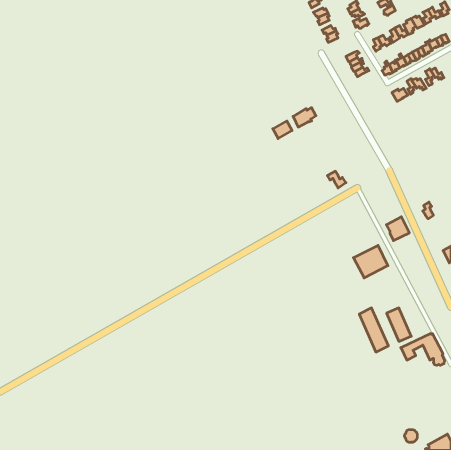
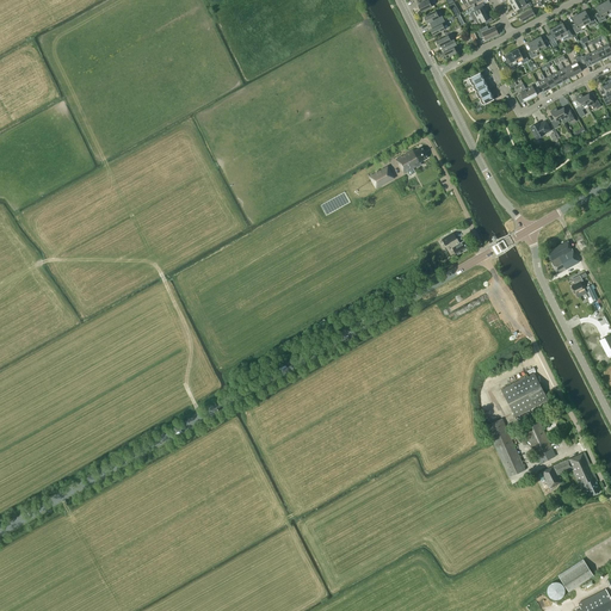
building: [386,217,409,241] -> [548,240,579,272]
building: [353,245,388,278] -> [501,371,548,415]
building: none -> [558,557,594,591]

